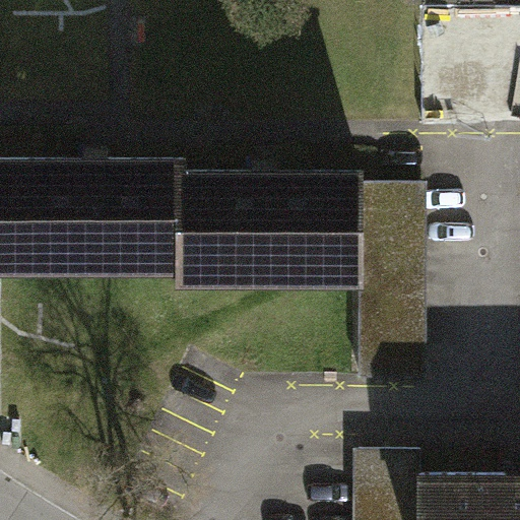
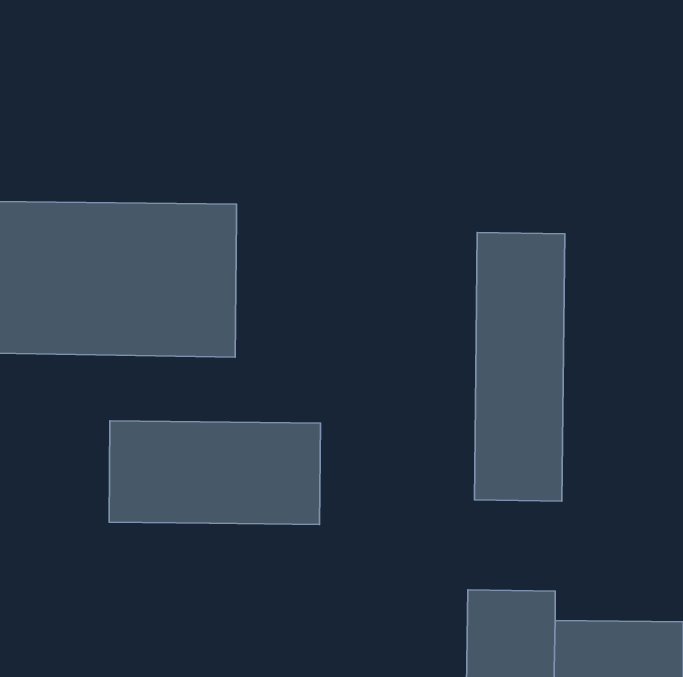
building: [178,172,361,288] -> none
building: none -> [109,421,320,525]

